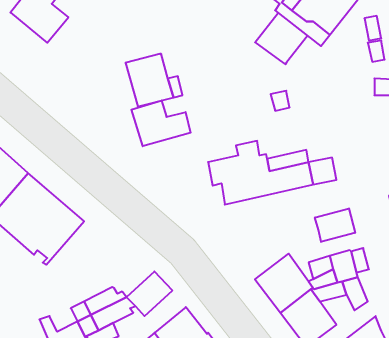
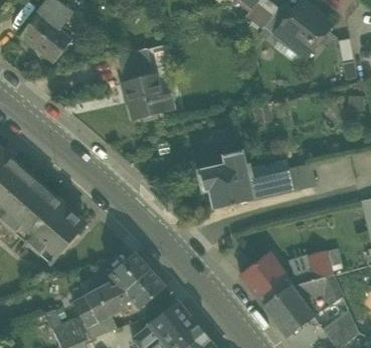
building: [255,13,308,64] -> none
building: none -> [118,47,155,80]
building: [131,100,191,146] -> none
building: [315,208,355,242] -> none
building: none -> [110,251,150,292]

